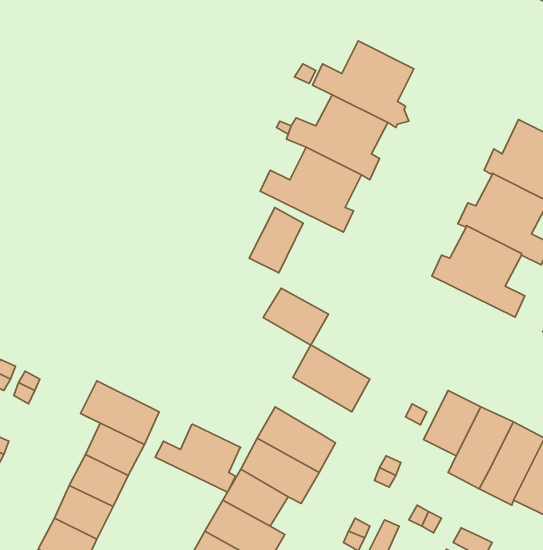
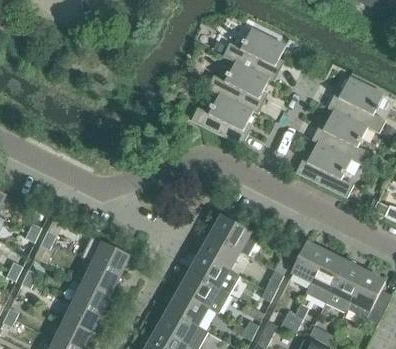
building: [249,207,303,273] -> none
building: [263,288,329,345] -> [200,234,240,269]
building: [155,424,241,492] -> none

